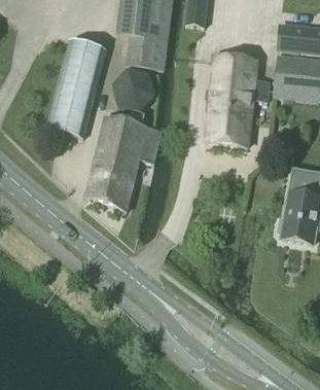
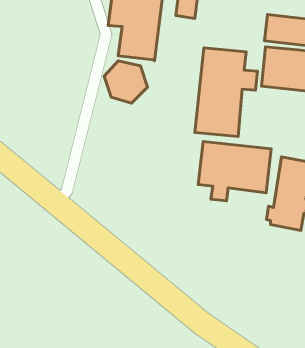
building: [47,38,106,137] -> none
building: [84,117,162,209] -> none
building: none -> [198,142,271,201]

